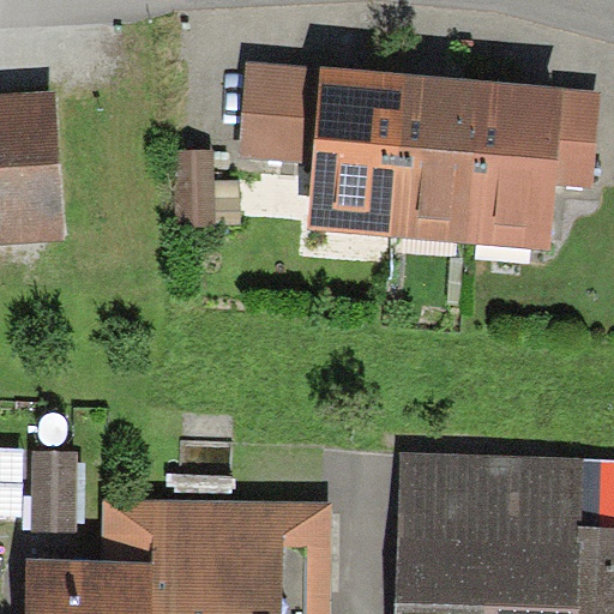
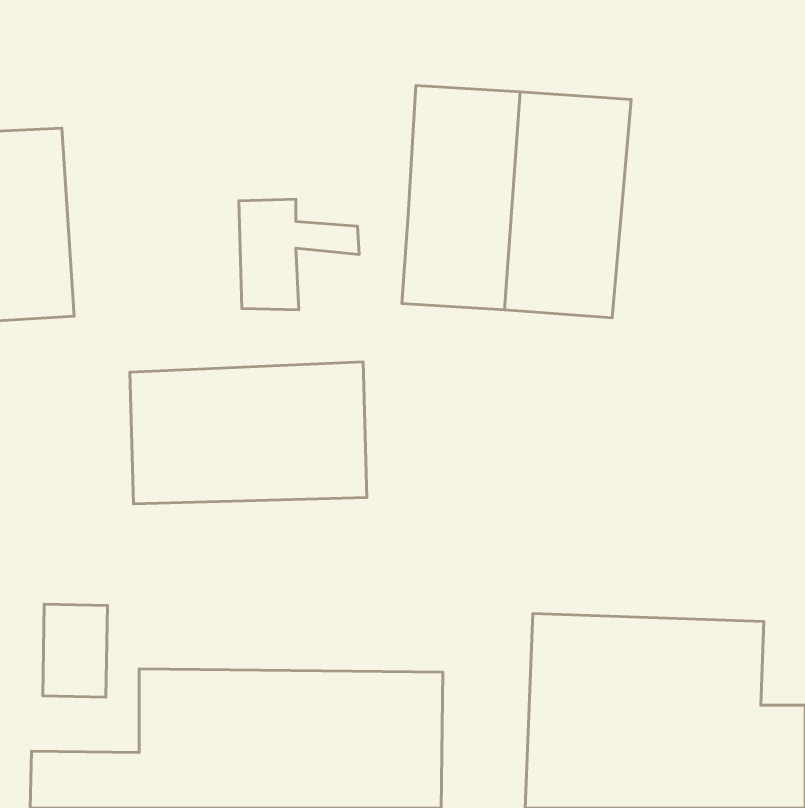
building: [242,62,315,163] -> none
building: [464,76,560,248] -> none
building: none -> [130,362,367,504]

